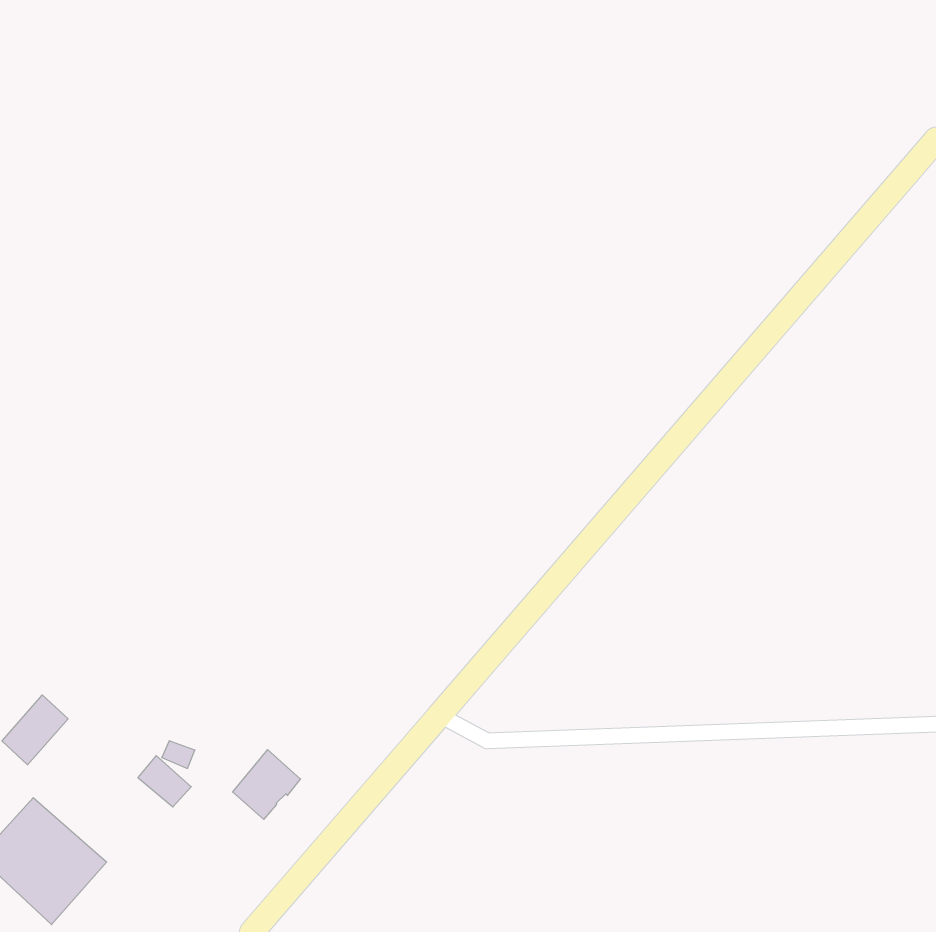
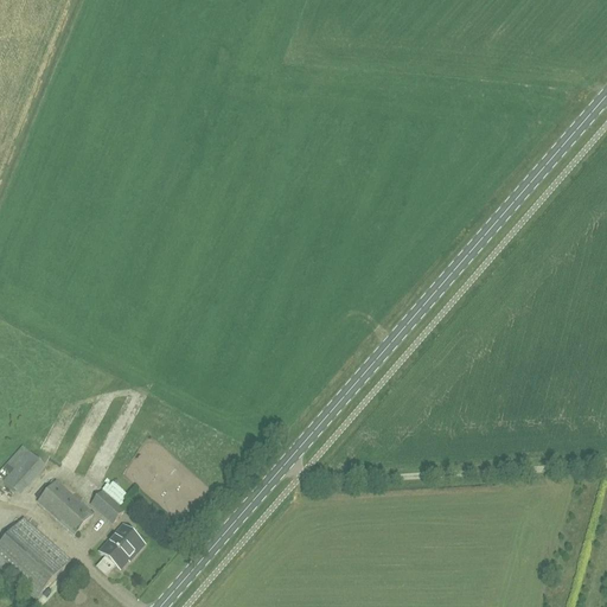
building: none -> [36,478,91,531]
building: [232,750,301,819] -> [98,522,142,567]

